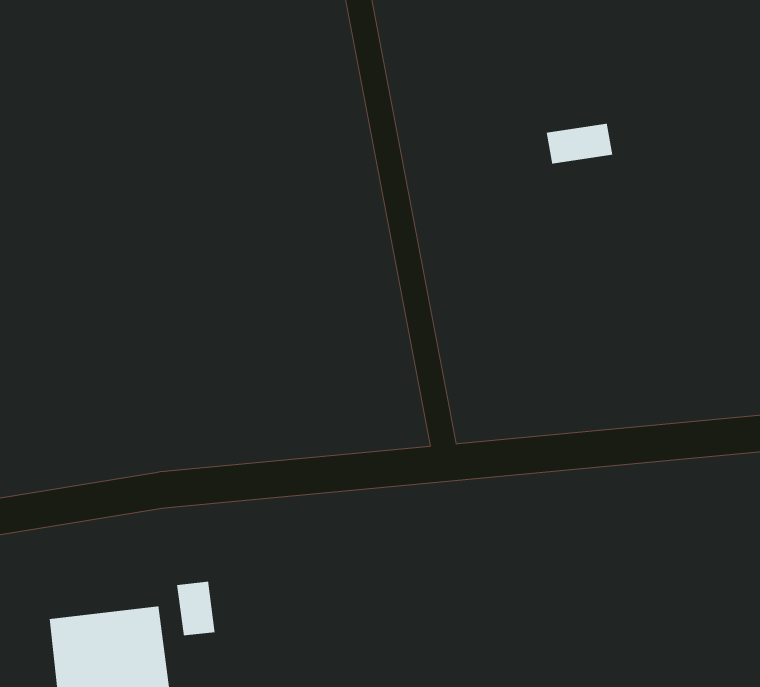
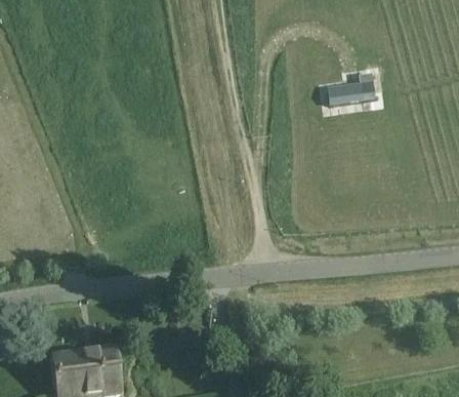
building: [176,581,215,636] -> none

